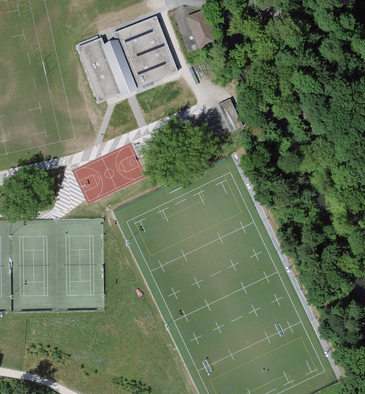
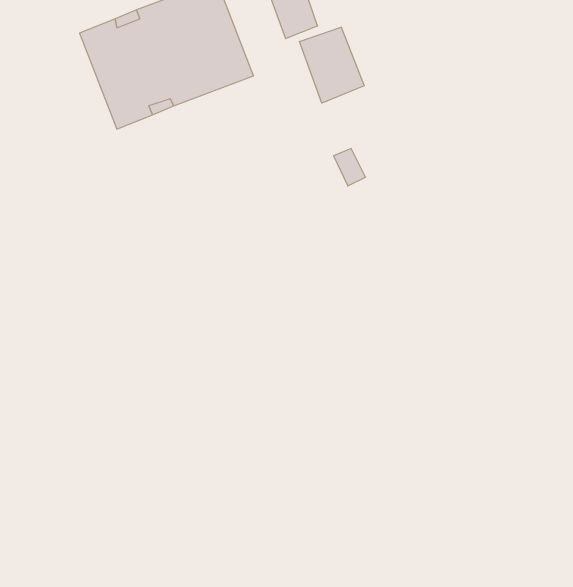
building: none -> [300,27,364,103]

